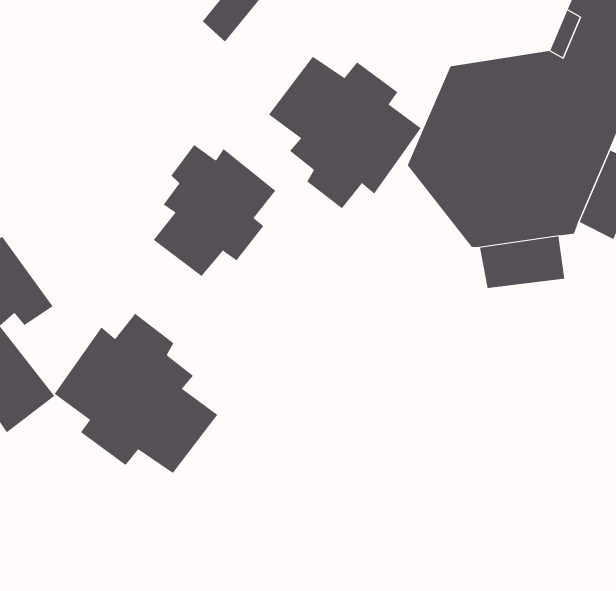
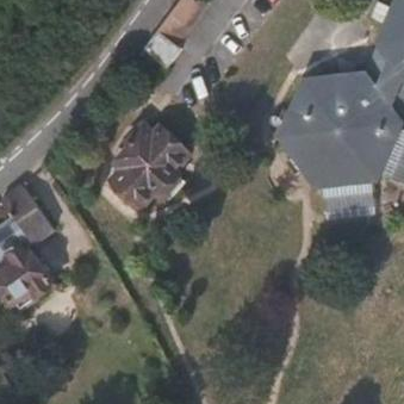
building: [268,56,422,209] -> none
building: [54,313,218,474] -> none

